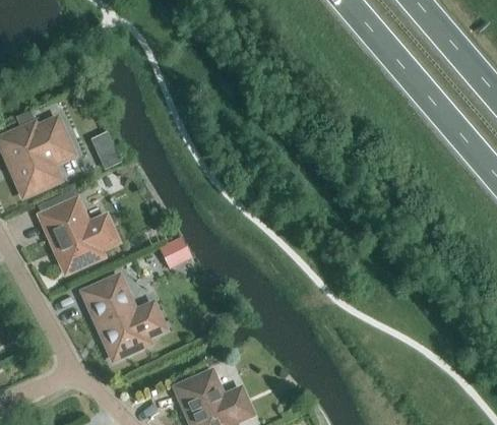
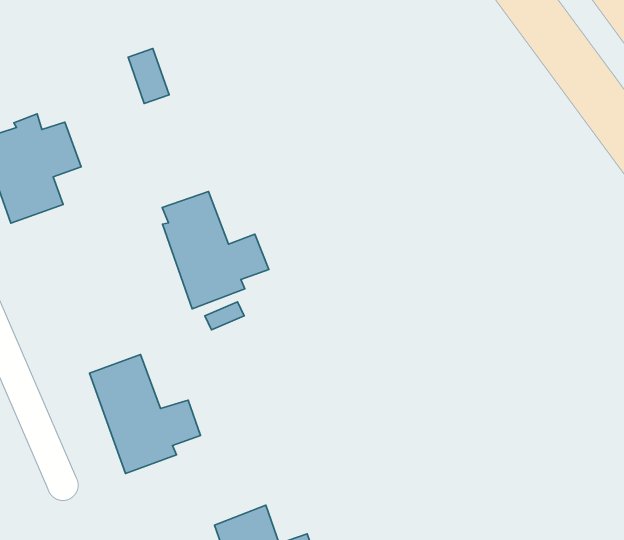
building: [92,129,122,167] -> [128,49,169,104]
building: [42,191,117,271] -> [162,191,269,309]

